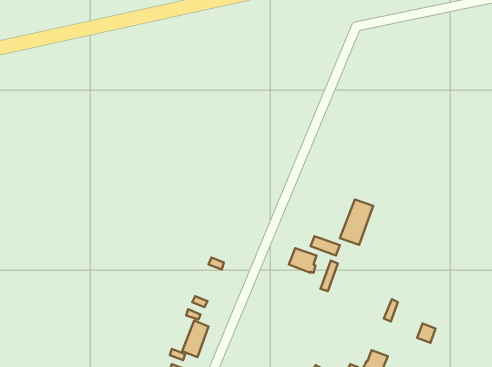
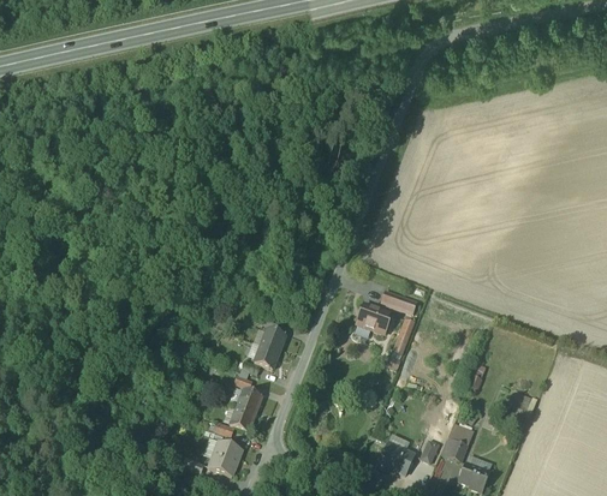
building: [340,200,373,245] -> none
building: none -> [254,329,285,370]

